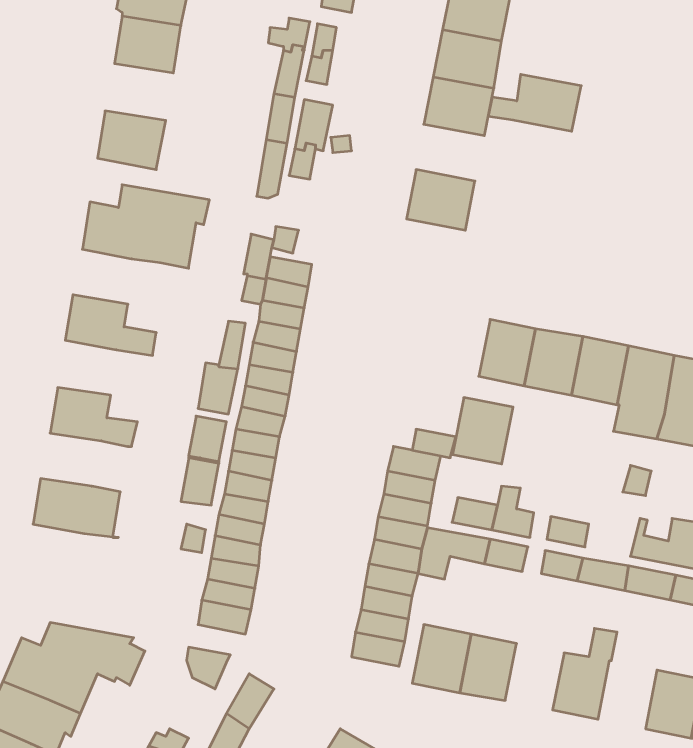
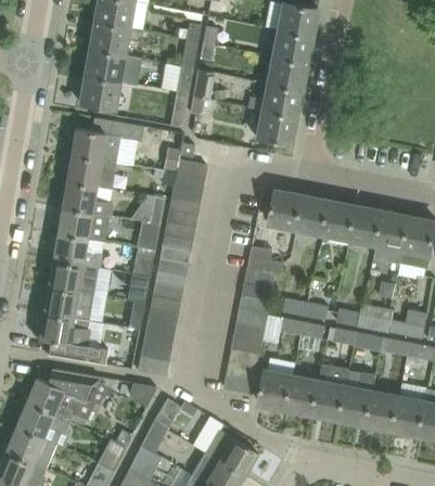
building: none -> [85,49,124,81]
building: [488,74,581,131] -> [248,84,302,116]
building: none -> [66,155,116,189]
building: none -> [57,207,112,242]
building: [452,398,513,464] -> [270,190,305,228]
building: none -> [48,260,98,294]
building: none -> [359,304,391,331]
building: none -> [34,312,107,365]
building: none -> [314,362,350,419]
building: none -> [367,391,400,430]

